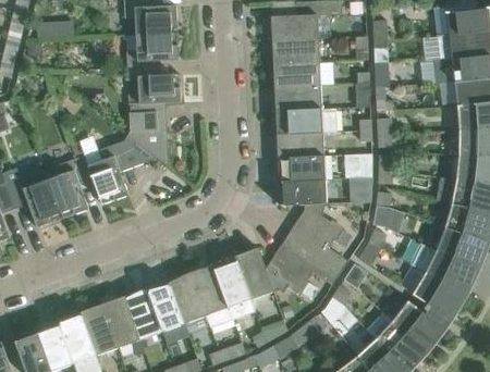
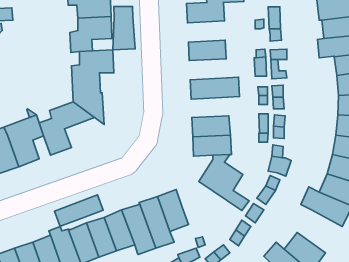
building: none -> [113,7,135,50]
building: [272,38,319,64] -> none
building: [274,85,321,111] -> none
building: [277,133,323,158] -> none
building: [266,237,340,293] -> none
building: none -> [54,195,103,226]
building: [413,272,464,318] -> none

